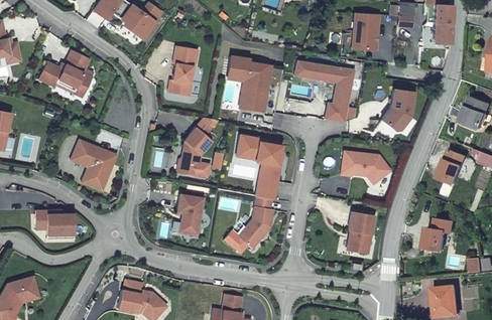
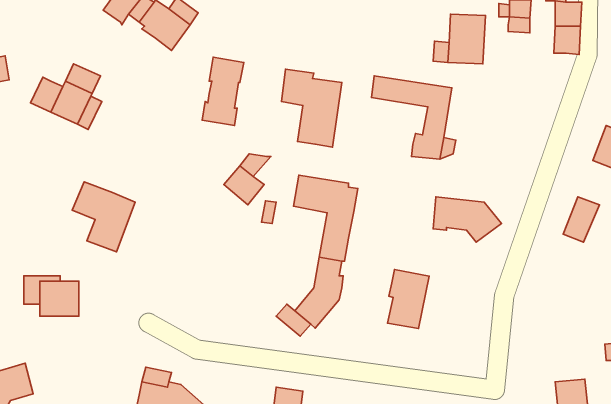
building: [382,89,416,131] -> none
building: [175,141,211,178] -> none
building: [177,193,205,235] -> none
building: [346,210,377,255] -> [388,269,429,328]
building: [423,227,446,251] -> none

